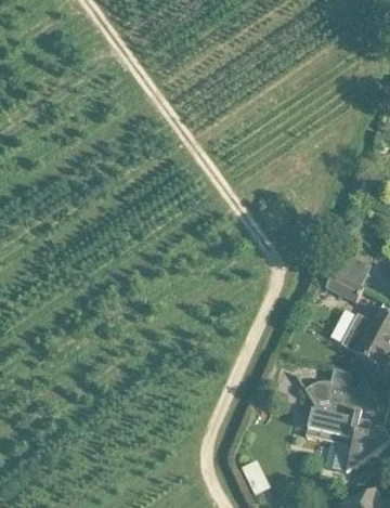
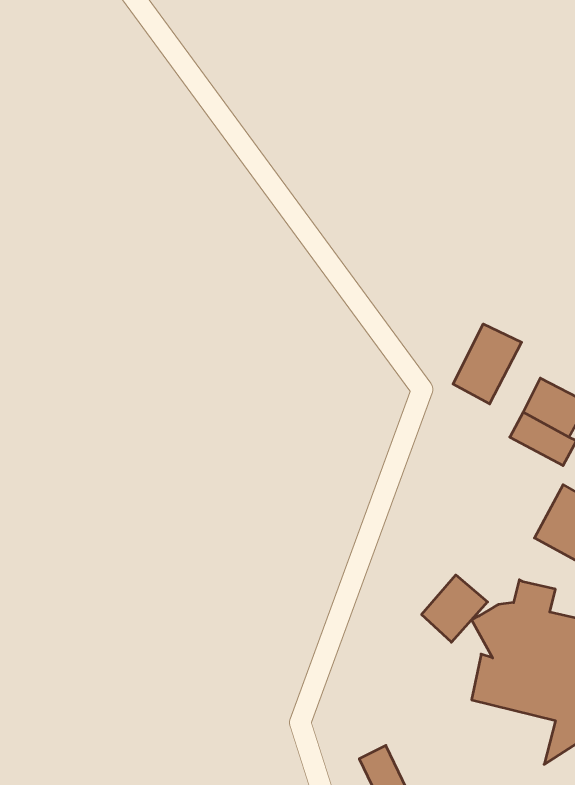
building: none -> [453,324,522,404]
building: none -> [422,575,488,642]

